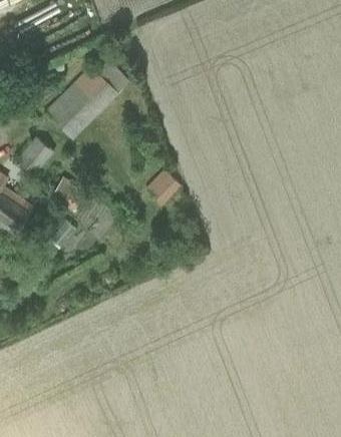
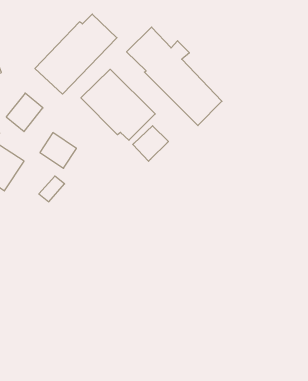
building: none -> [127,27,222,126]
building: none -> [81,69,155,140]

